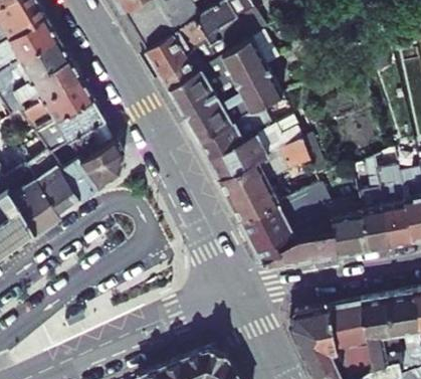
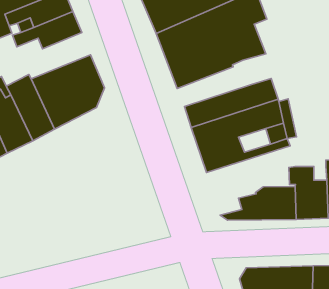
building: [36,100,107,154] -> none
building: [199,104,273,159] -> none
building: [241,183,333,263] -> none

